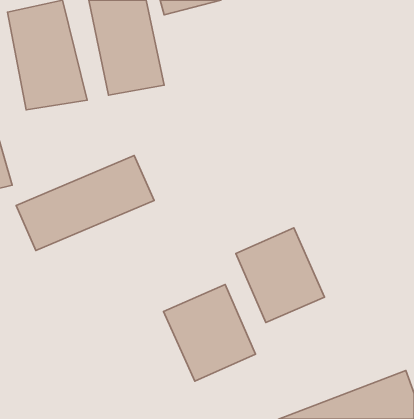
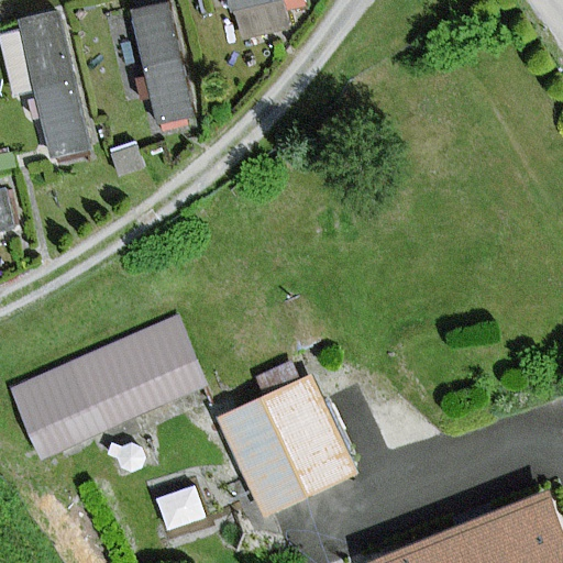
building: [16,155,154,251] -> [10,322,195,450]
building: [236,228,325,322] -> none

